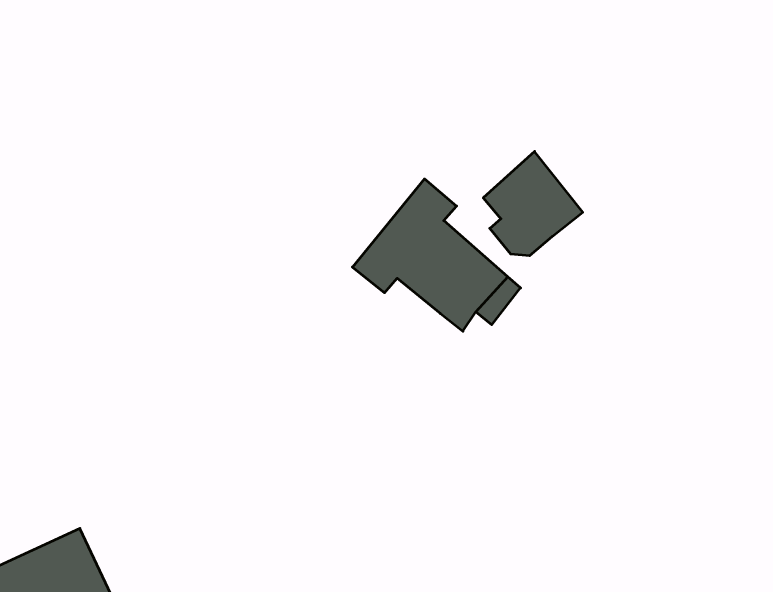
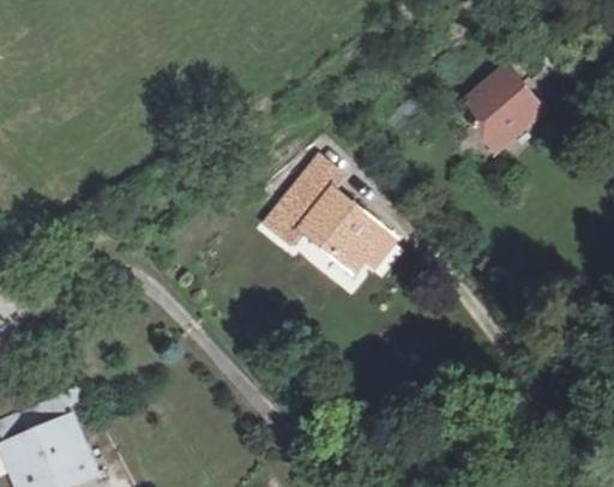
building: [483,151,583,256] -> [469,64,543,142]

